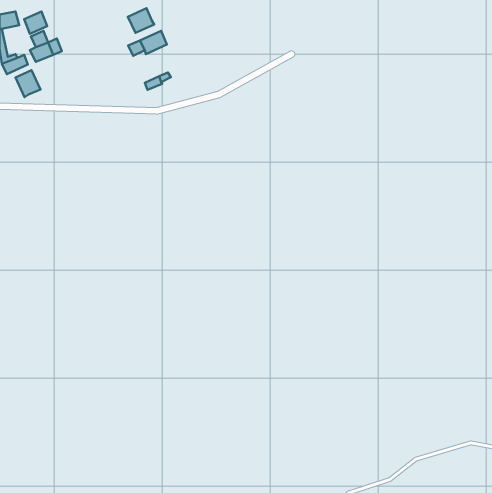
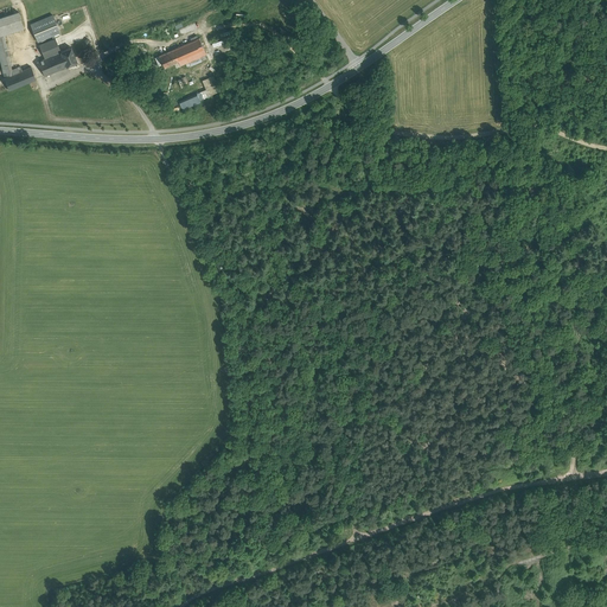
building: [128,8,154,33] -> none
building: [16,70,40,97] -> none

